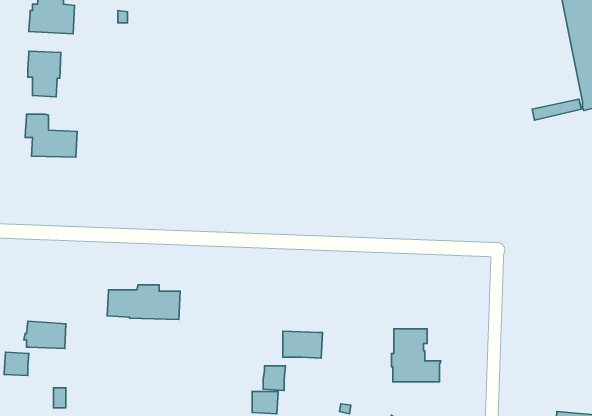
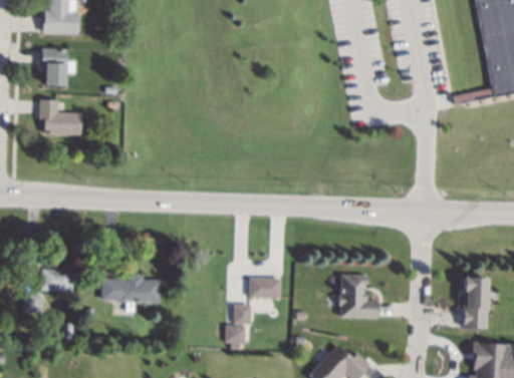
building: [107,285,180,320] -> [101,275,161,303]
building: none -> [461,280,486,326]

